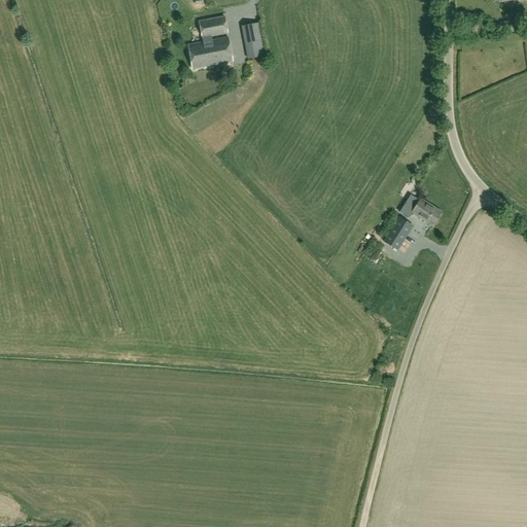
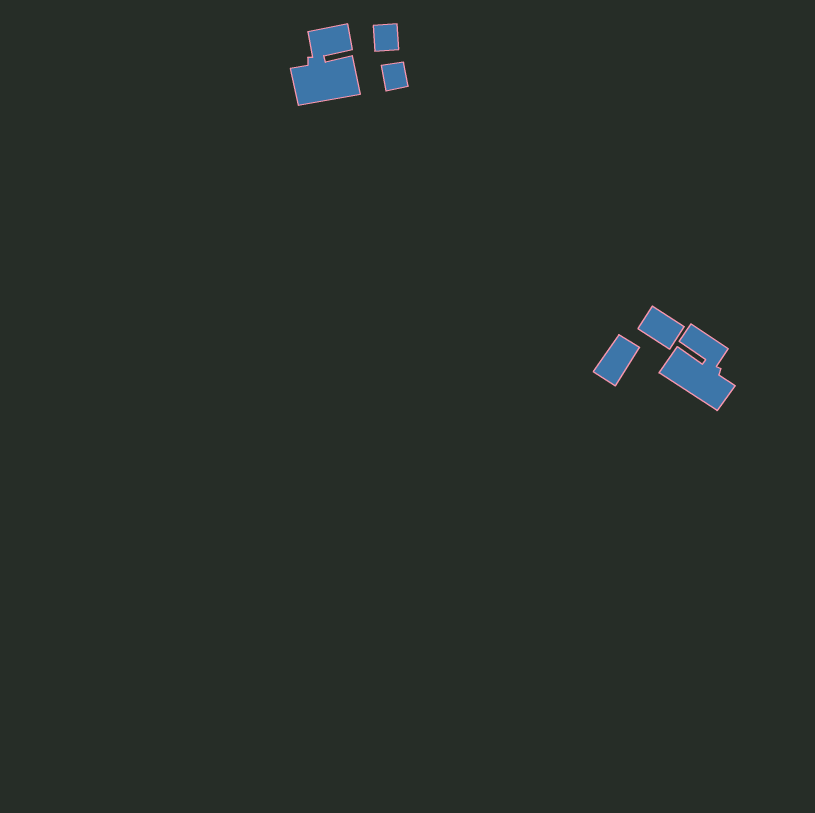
building: none -> [659,324,735,411]

